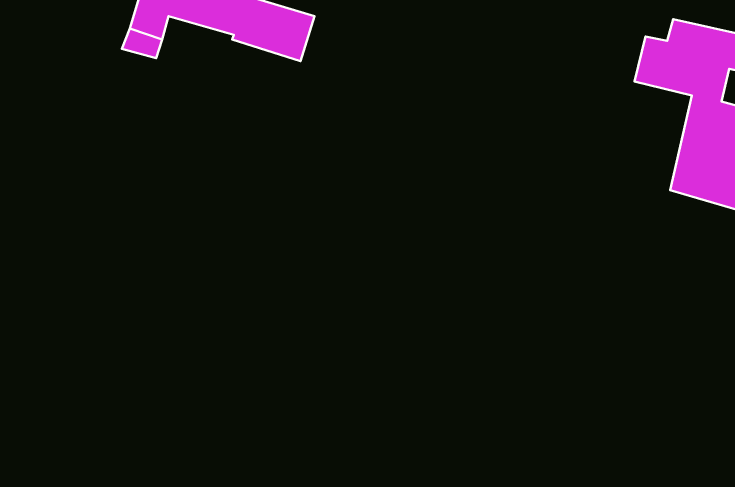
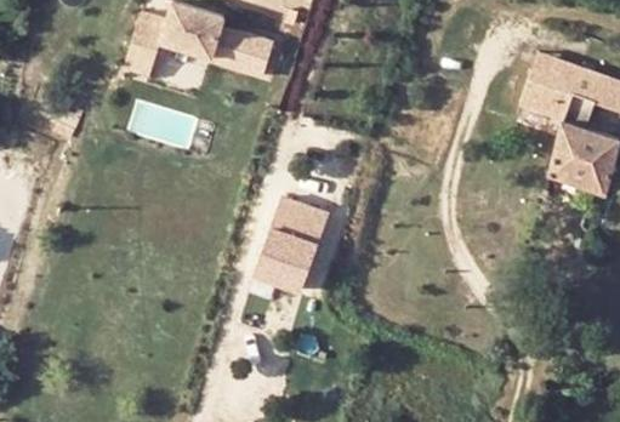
building: none -> [255,209,330,302]

